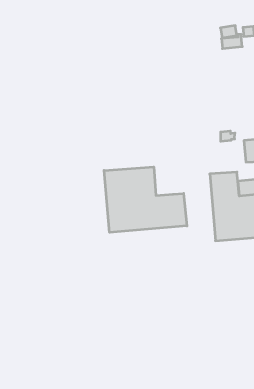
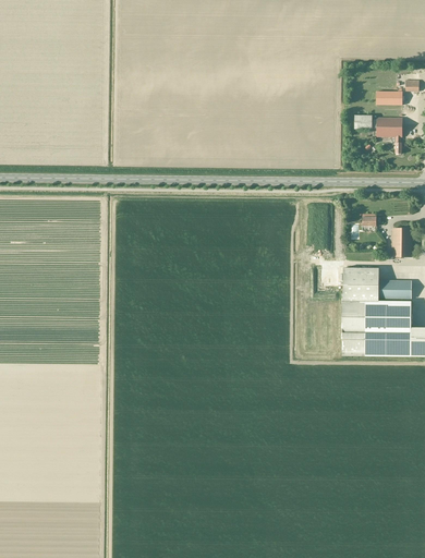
building: none -> [355,116,402,142]
building: [104,167,187,232] -> none

